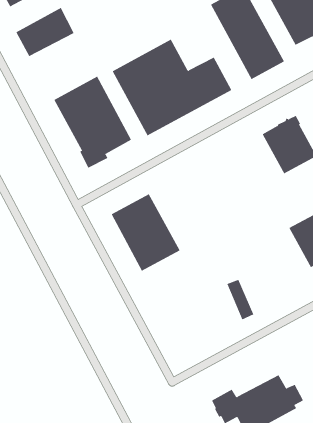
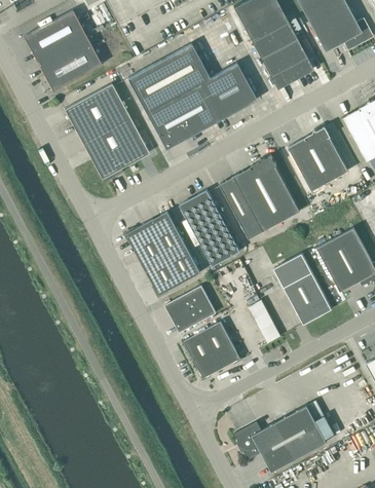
building: none -> [38,38,102,91]
building: none -> [220,155,300,238]
building: none -> [180,190,240,266]
building: none -> [274,254,332,324]
building: none -> [164,286,217,333]
building: none -> [184,322,240,378]

